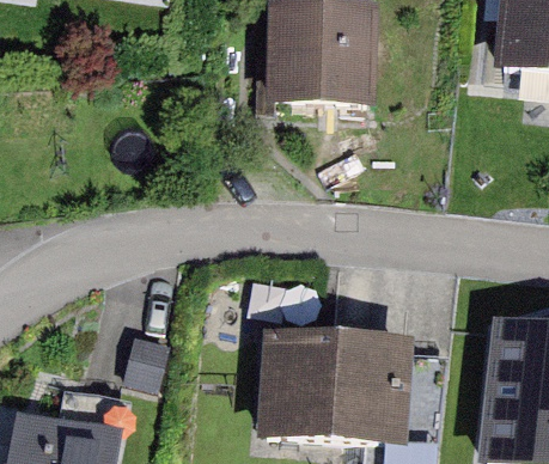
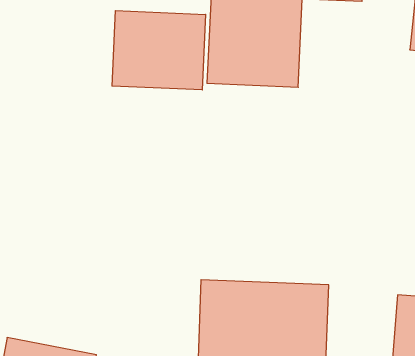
building: none -> [112,11,206,90]

